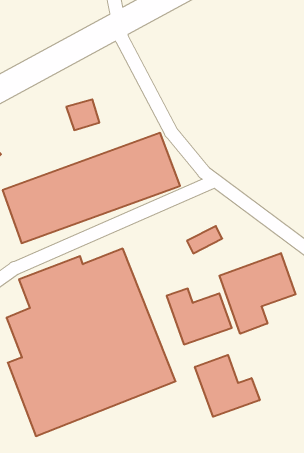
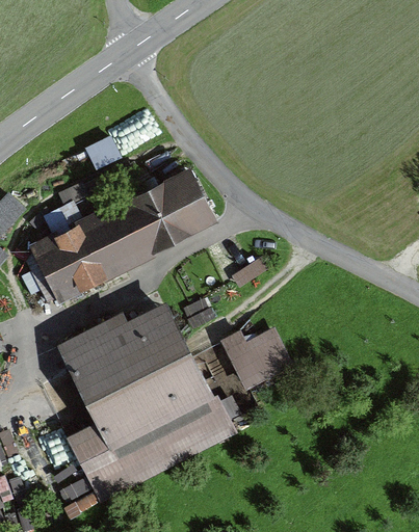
building: [219,253,296,334] -> none
building: [195,355,260,417] -> none

